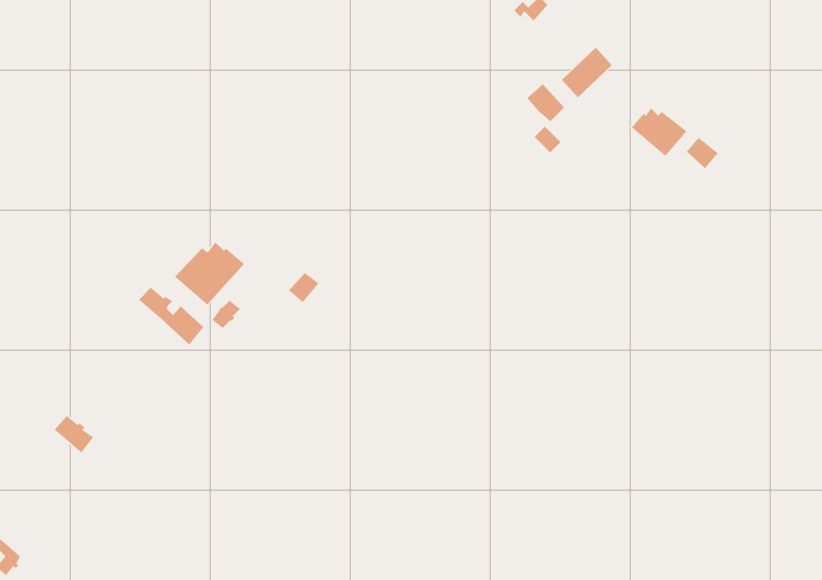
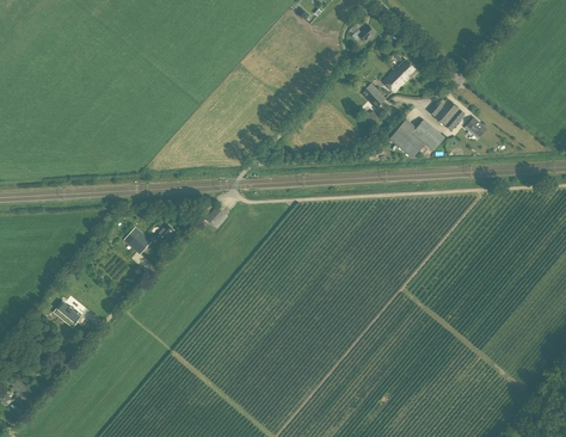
building: none -> [389,118,444,158]
building: [174,241,245,306] -> none

